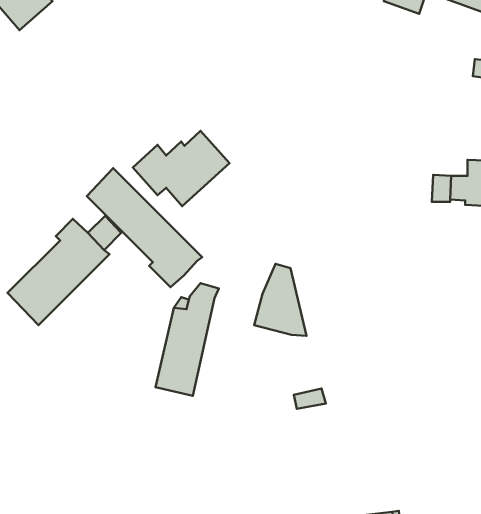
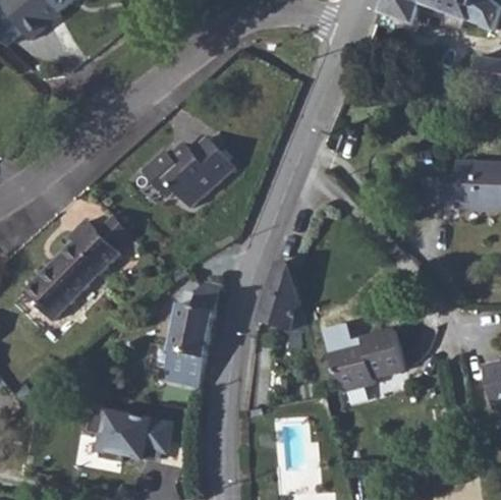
building: [87,168,202,287] -> none
building: none -> [329,329,404,391]
building: none -> [102,410,174,459]

